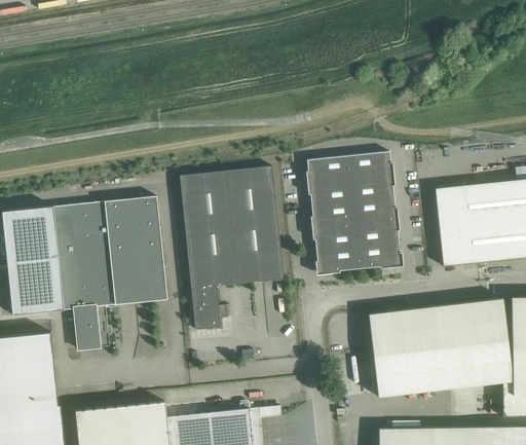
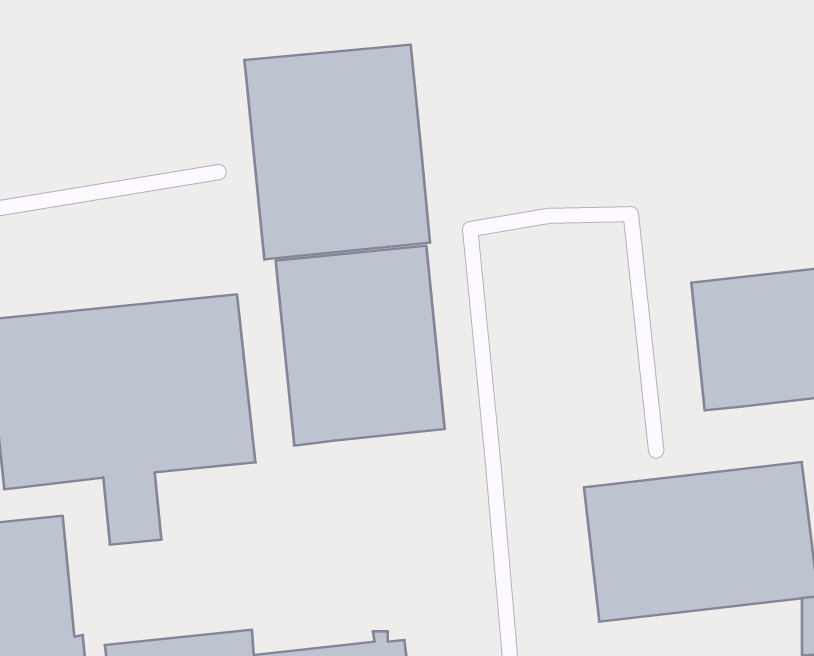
building: none -> [244,45,430,260]
building: [307,151,401,273] -> none
building: [191,286,229,330] -> none

